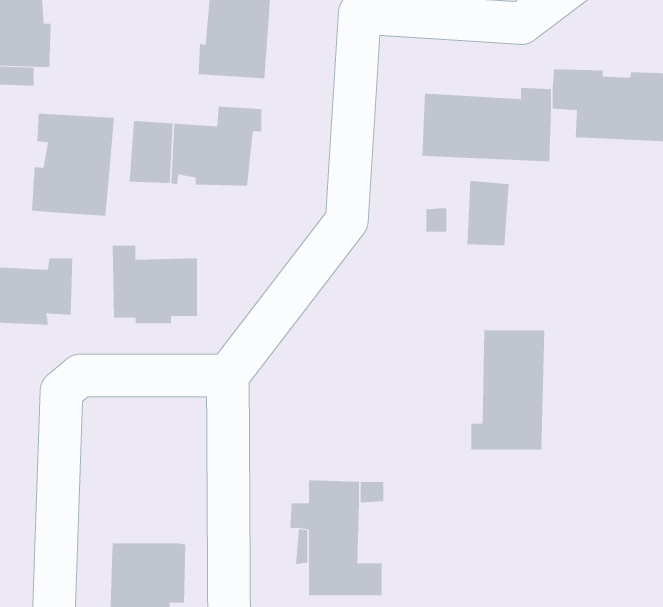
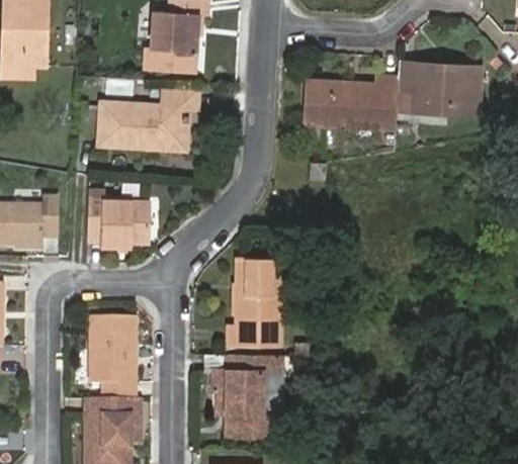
building: [31,113,114,217] -> none
building: [467,180,509,246] -> none
building: [470,330,545,450] -> [229,260,281,345]
building: none -> [88,317,135,399]

